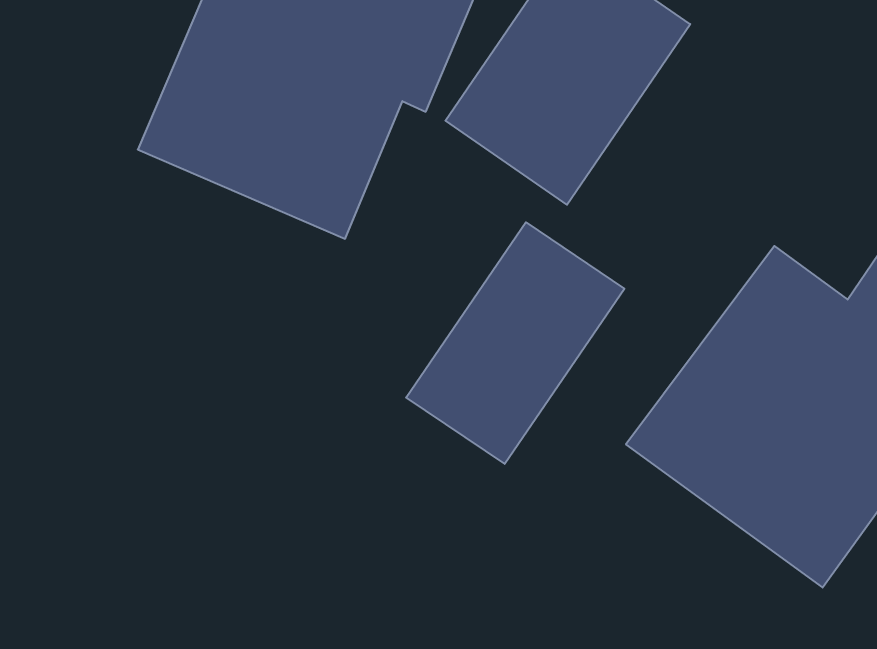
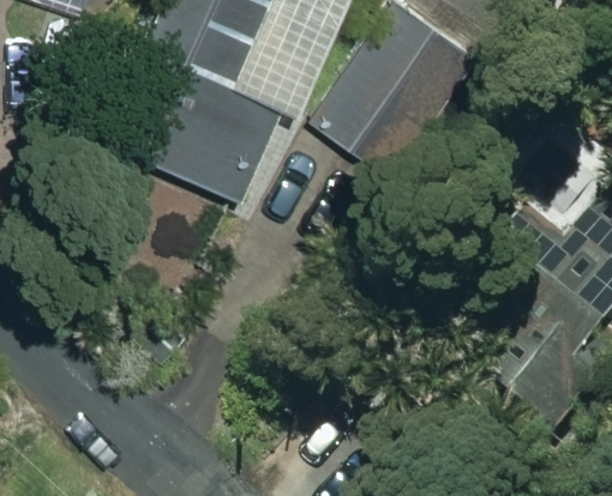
building: [406,222,624,464] -> none

